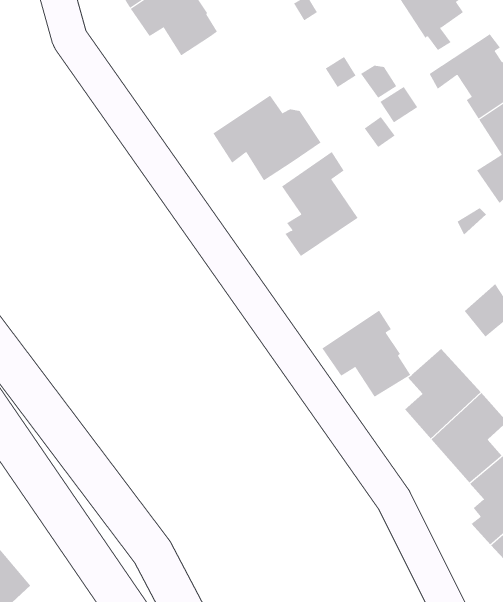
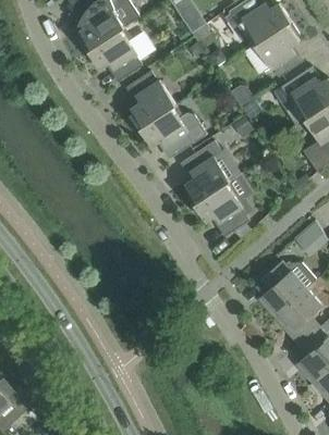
building: none -> [129,71,175,128]
building: [322,310,411,398] -> [194,181,249,235]

